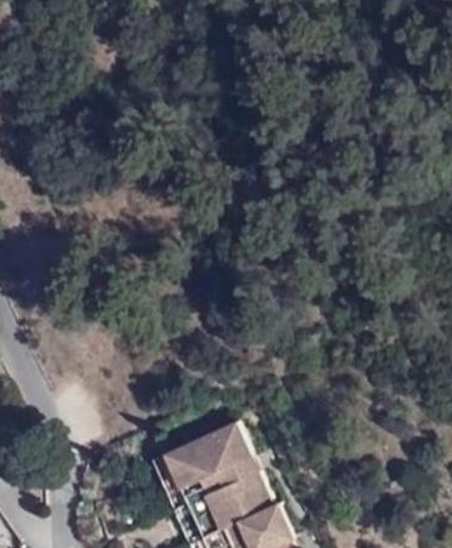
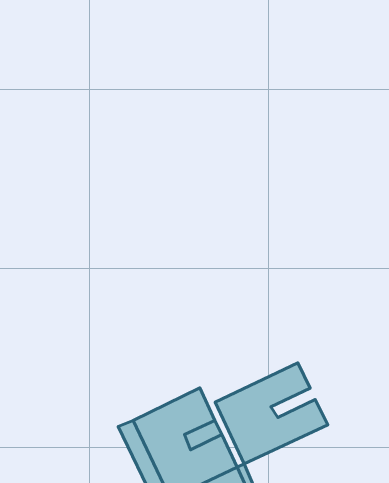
building: none -> [215,363,328,464]

